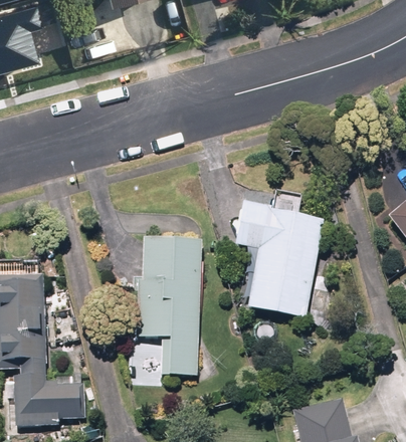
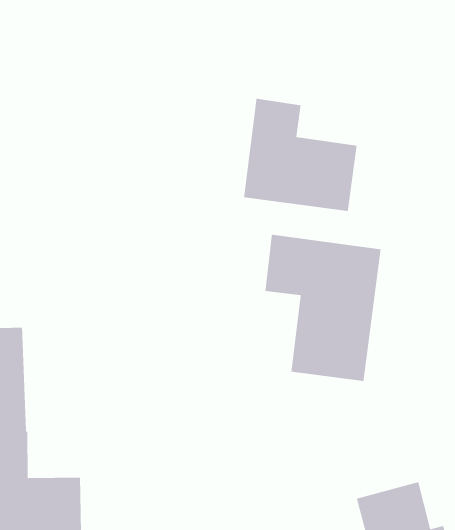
building: none -> [243,98,357,212]
building: [139,237,204,377] -> none

